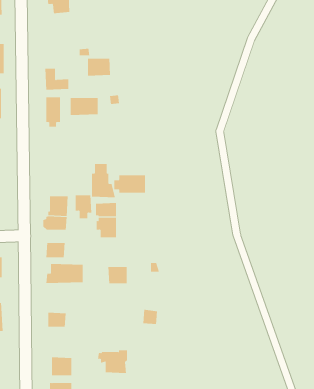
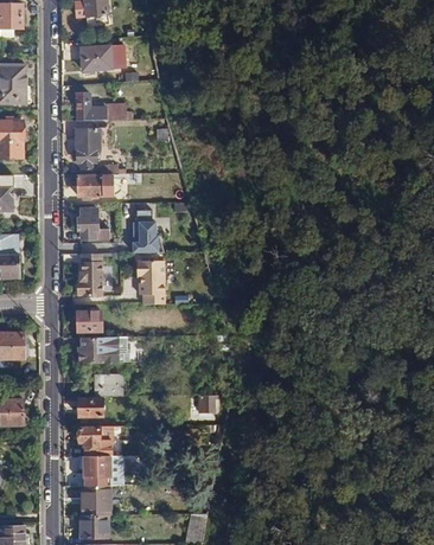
building: [87,58,111,76] -> [82,49,111,71]
building: [70,97,99,115] -> [77,174,113,197]
building: [114,175,145,194] -> none
building: [75,195,92,219] -> [77,210,98,239]
building: [107,267,127,284] -> [97,374,122,396]
building: [97,350,128,374] -> [75,425,113,455]

